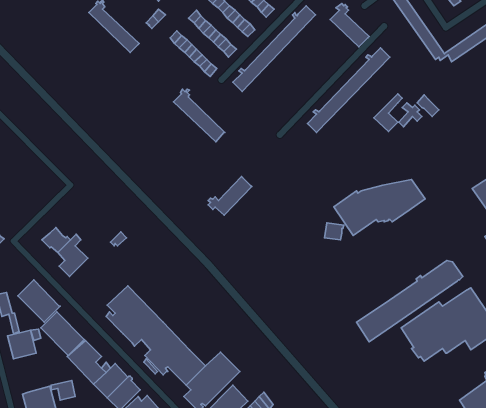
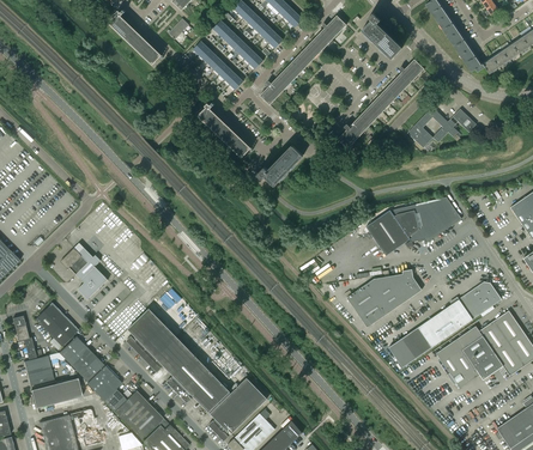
building: [208,176,252,215] -> [258,145,303,186]
building: none -> [346,269,422,328]
building: none -> [31,378,83,408]

